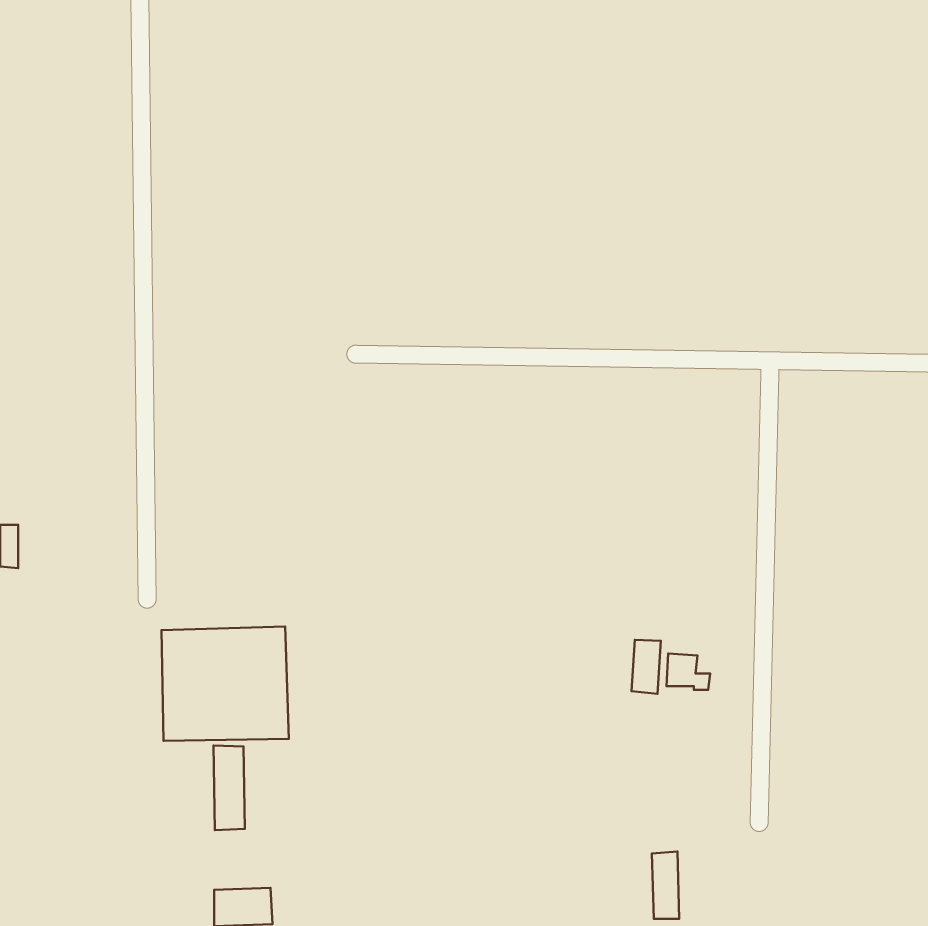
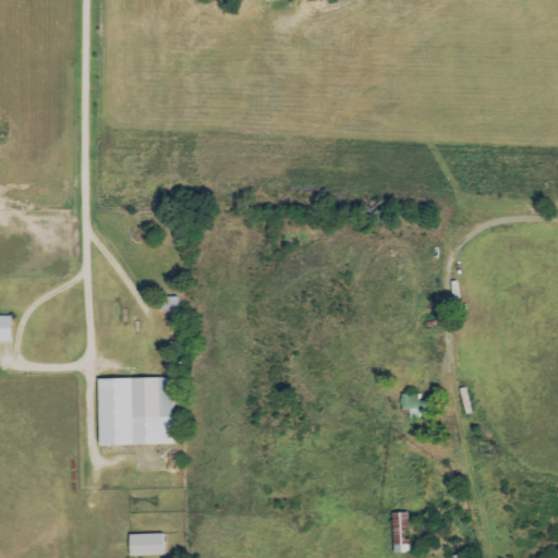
building: [631,640,661,694] -> none
building: [213,745,245,830] -> none

